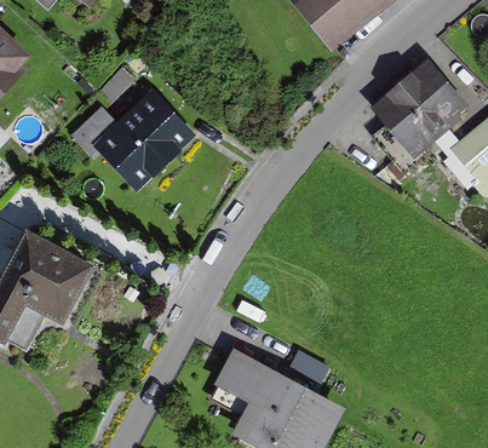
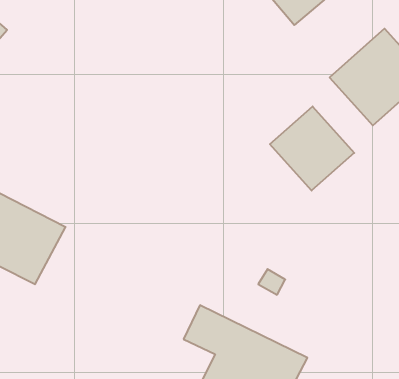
building: [93,91,191,186] -> none
building: none -> [270,106,354,191]

